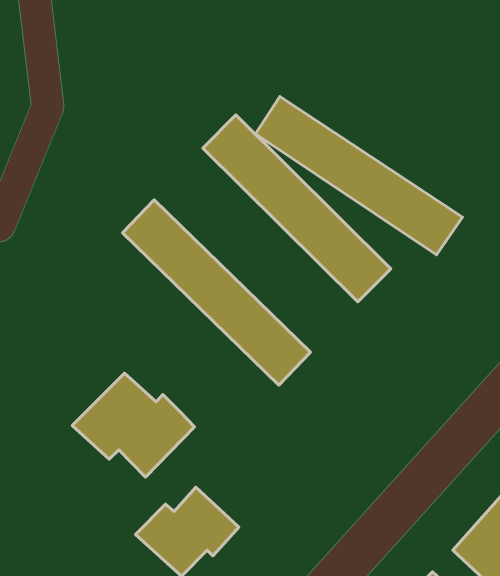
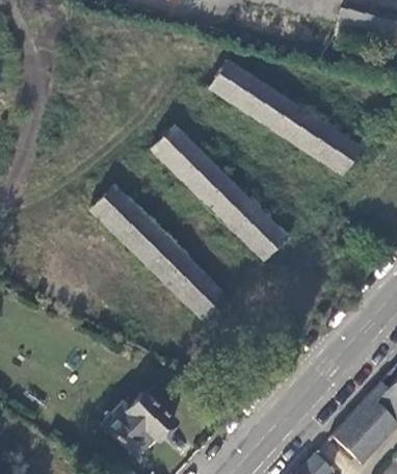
building: [256,97,462,255] -> [209,60,359,175]
building: [72,373,195,477] -> none

